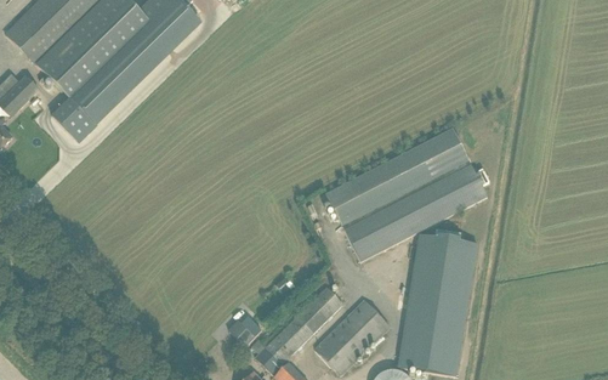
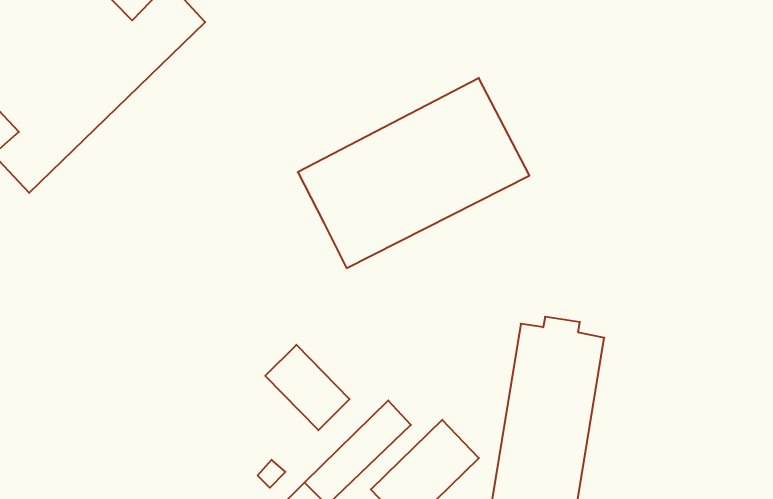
building: [325,127,487,260] -> [298,78,529,268]
building: none -> [265,345,350,430]

